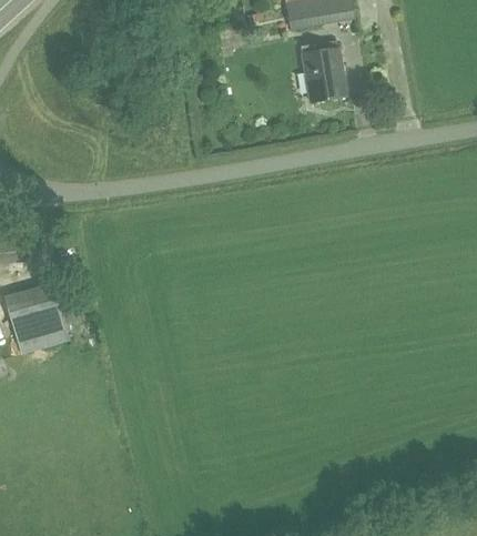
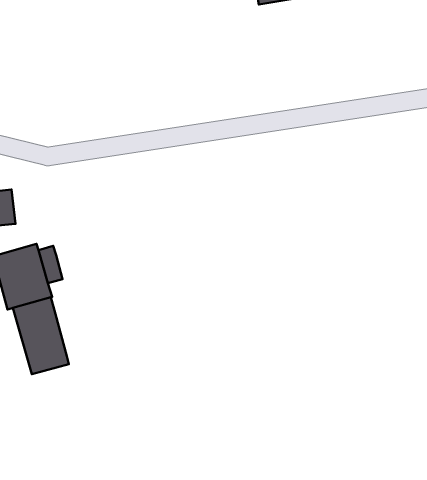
building: [302,47,345,101] -> none
building: none -> [13,297,69,374]

